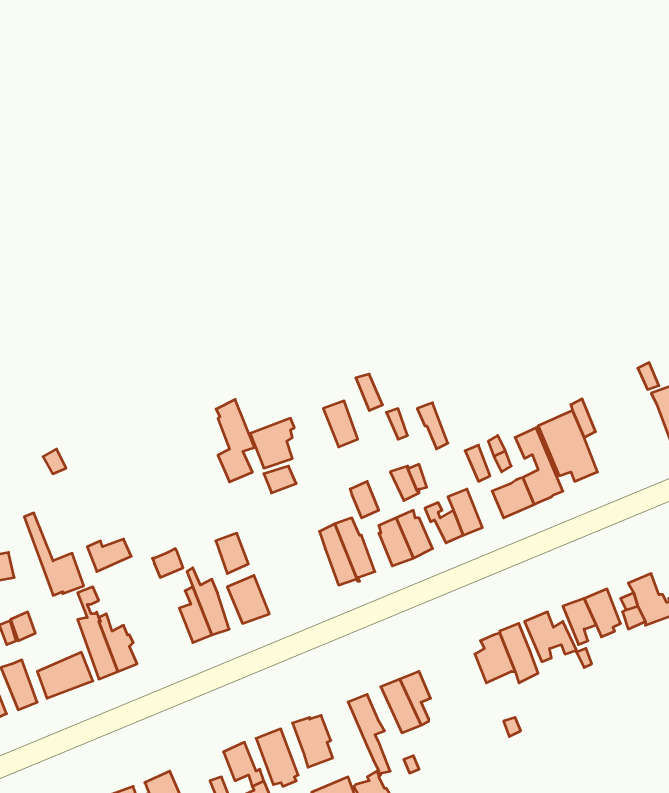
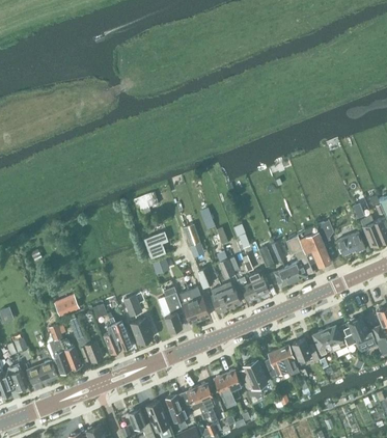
building: [216,399,254,482] -> [164,286,185,331]
building: none -> [336,231,364,254]
building: [24,513,84,595] -> [71,318,103,362]
building: none -> [240,358,267,399]
building: none -> [182,386,210,420]

